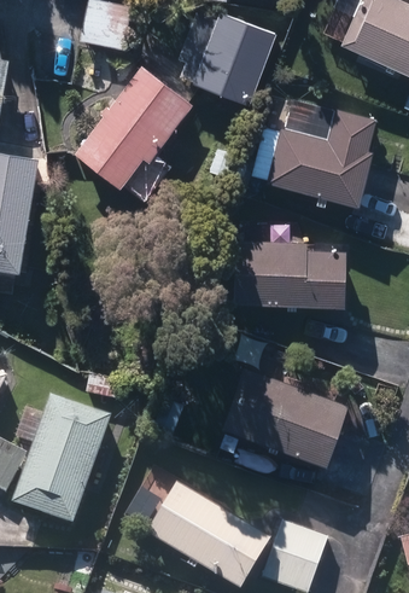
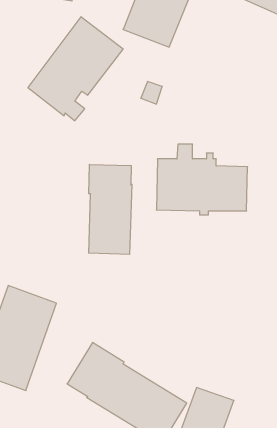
building: [267,107,375,205] -> none
building: none -> [89,164,132,254]
building: [222,366,347,463] -> none

